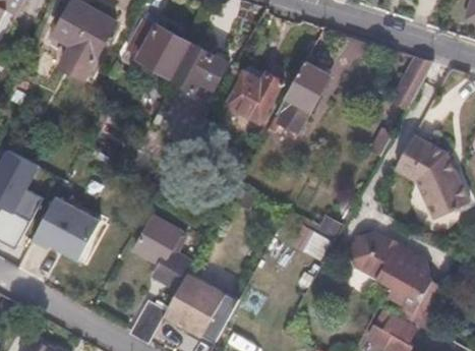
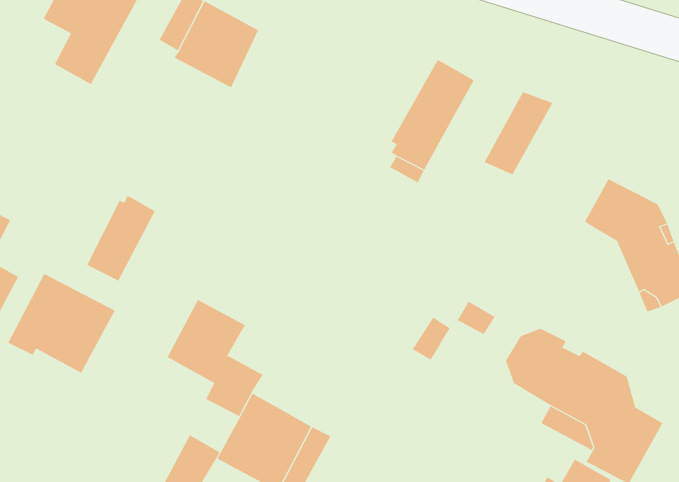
building: [174,44,228,92] -> none
building: [390,55,433,108] -> [484,91,553,175]
building: [227,72,283,121] -> none
building: none -> [86,195,155,282]

